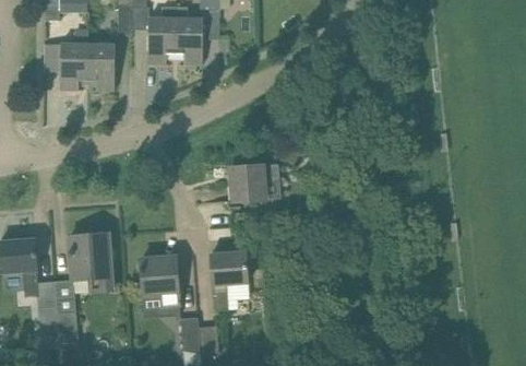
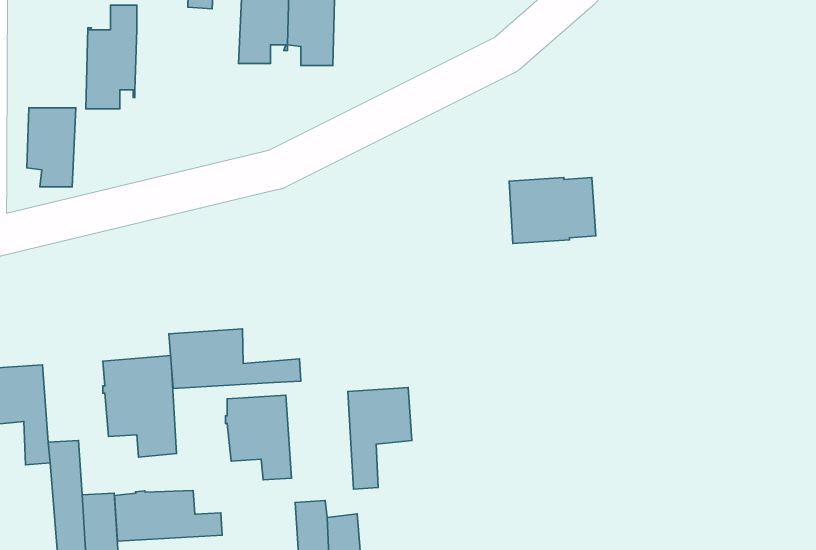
building: [87,44,116,90] -> [27,108,76,187]
building: [230,164,280,202] -> [509,178,596,243]
building: none -> [169,329,301,389]
building: none -> [114,490,222,541]

